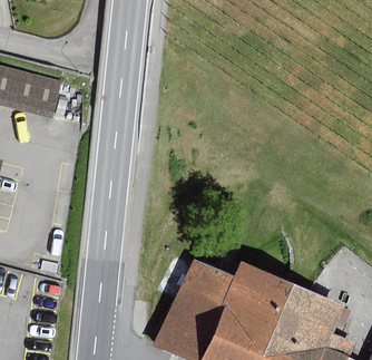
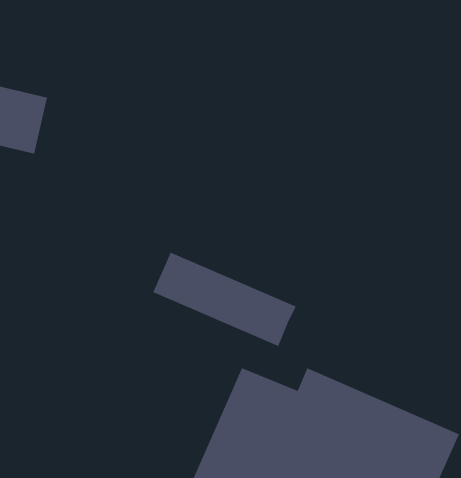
building: none -> [153,252,297,347]

